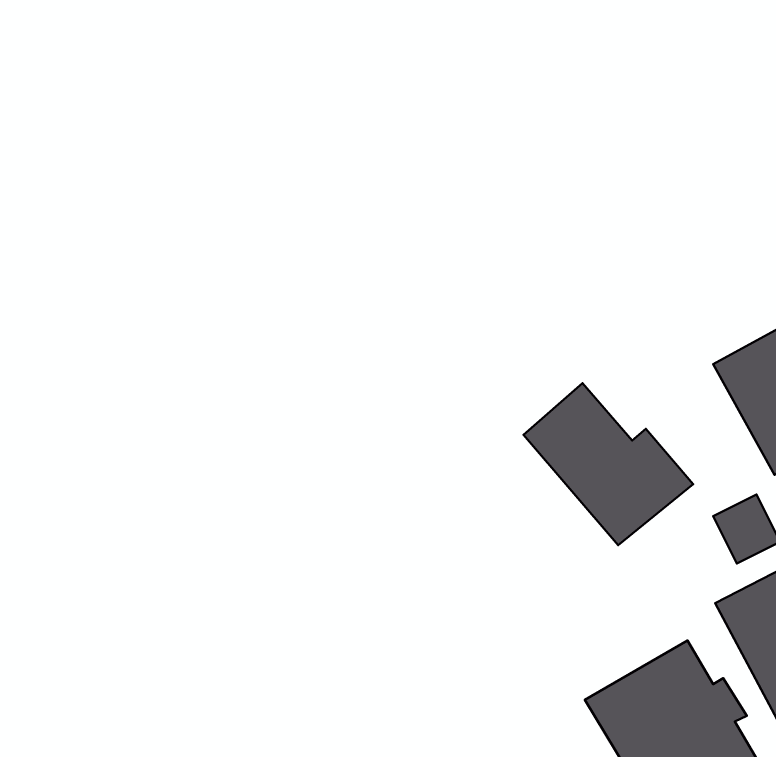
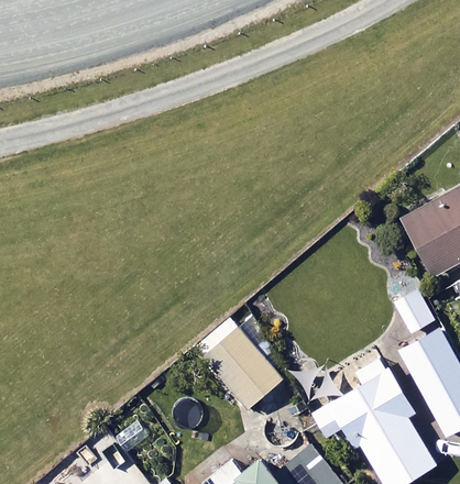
building: [523,383,693,545] -> [197,318,292,408]

